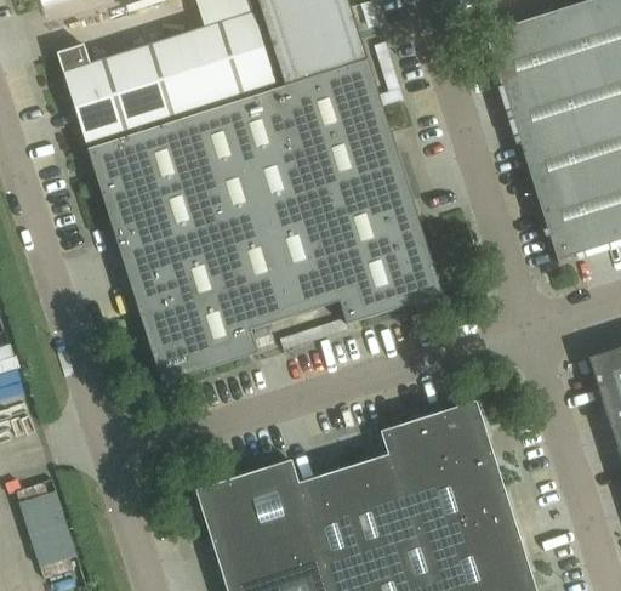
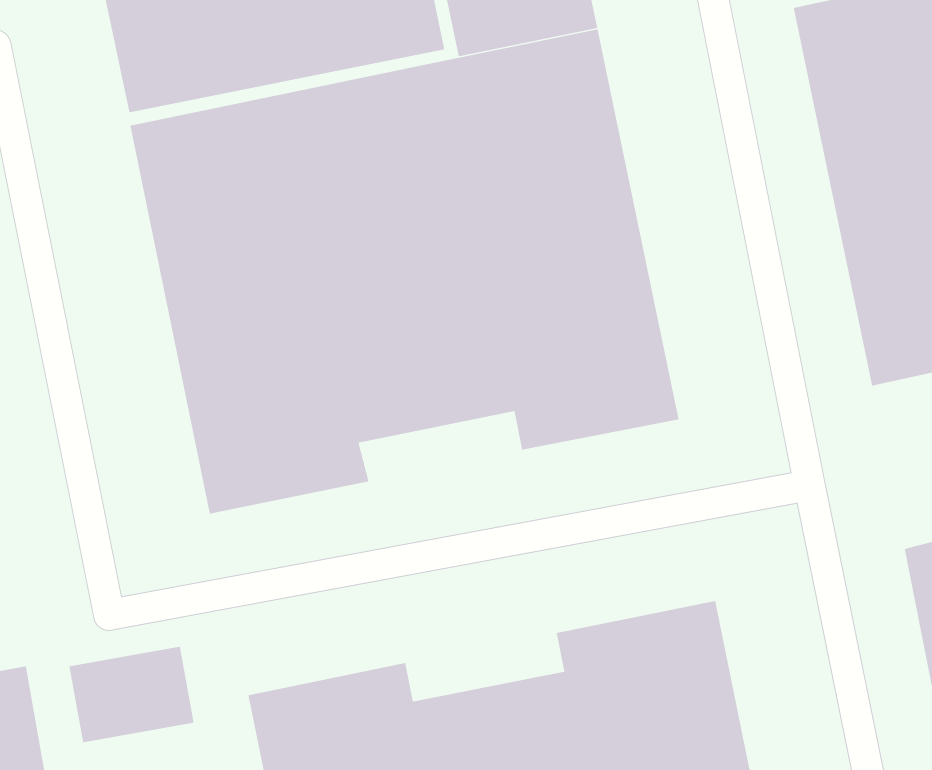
building: none -> [69,646,194,743]

